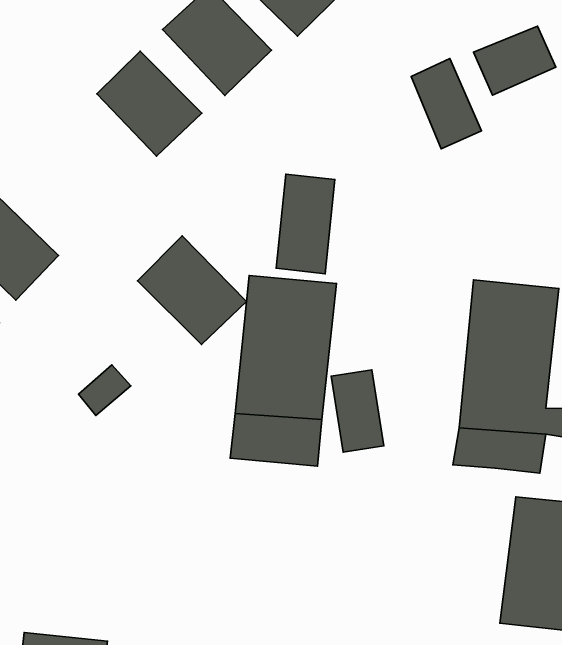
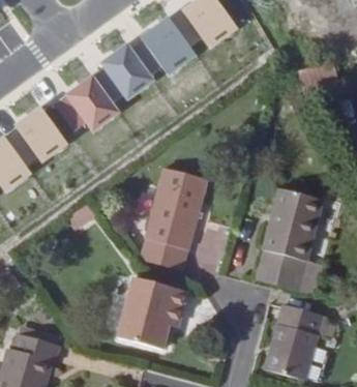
building: [411,59,482,149] -> none
building: [276,174,335,274] -> none
building: [138,236,247,345] -> [64,72,119,130]
building: none -> [118,276,186,349]

